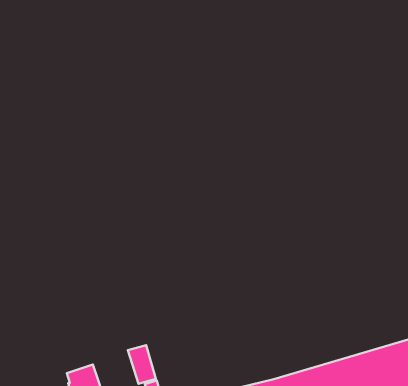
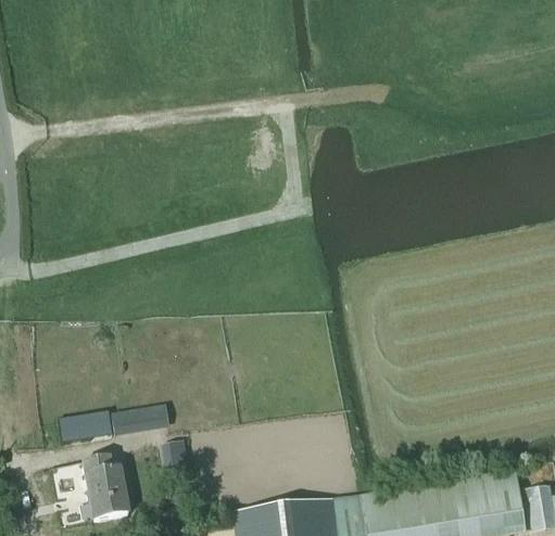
building: none -> [112,406,171,436]
building: none -> [59,414,94,443]

